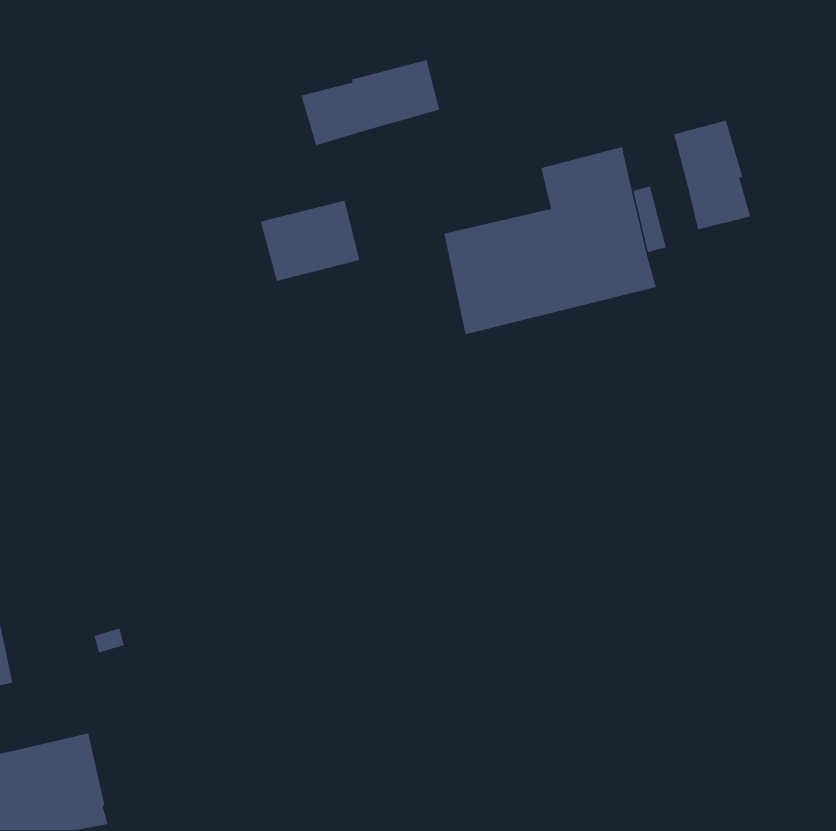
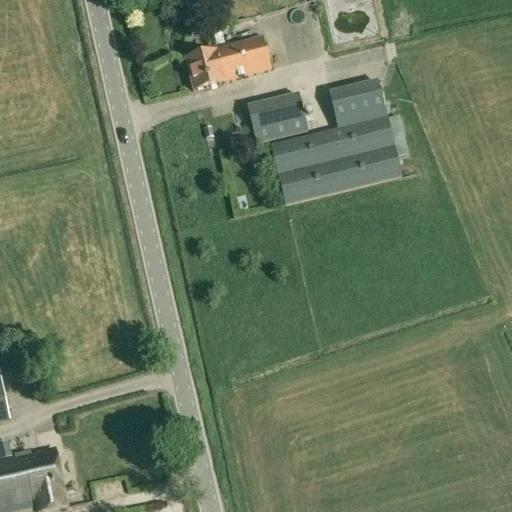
building: [673,119,751,230] -> none
building: [260,200,360,282] -> [245,92,306,142]

